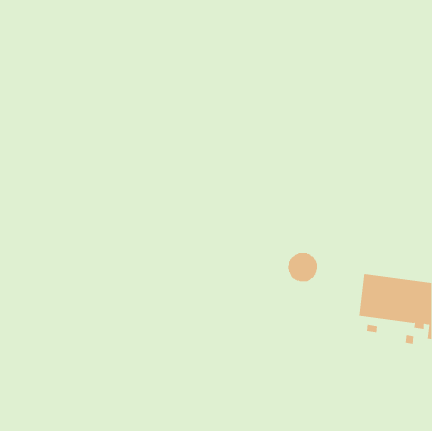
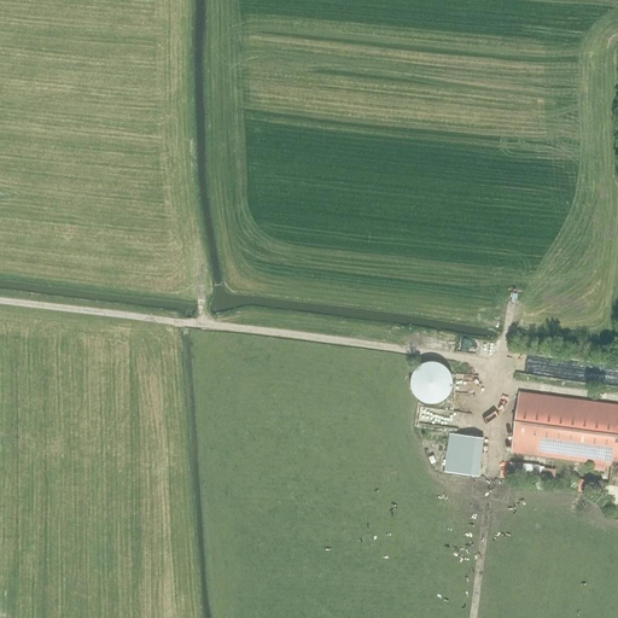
building: none -> [444,431,484,474]

